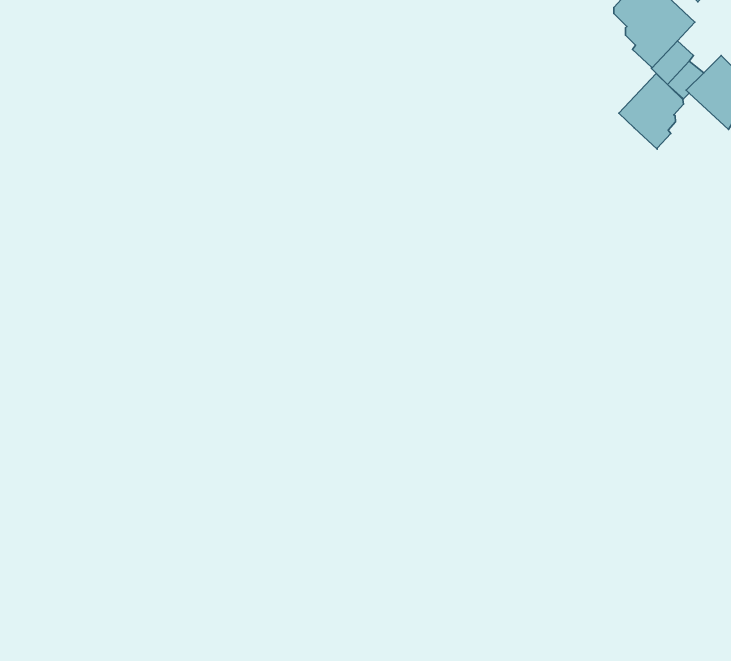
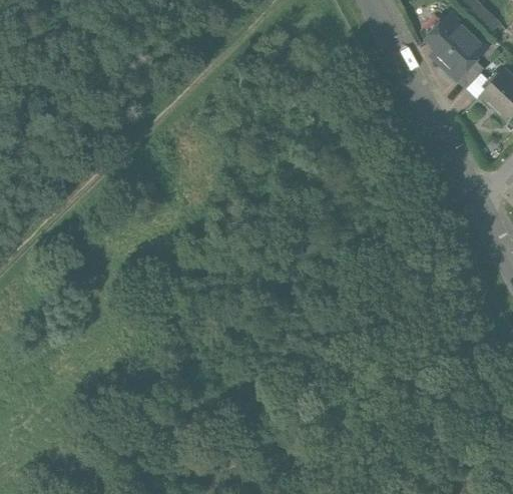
building: [619,73,683,149] -> none

